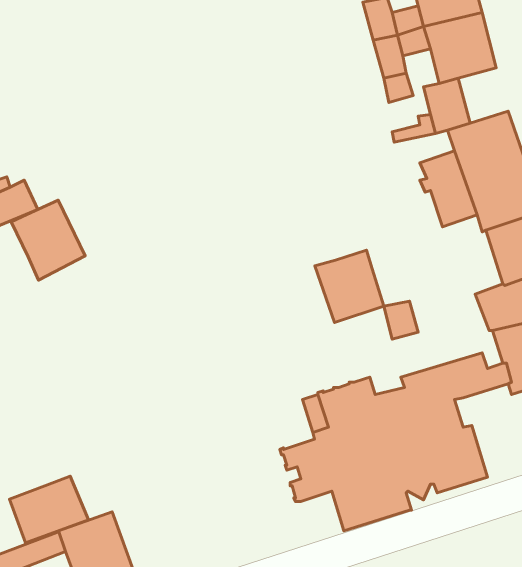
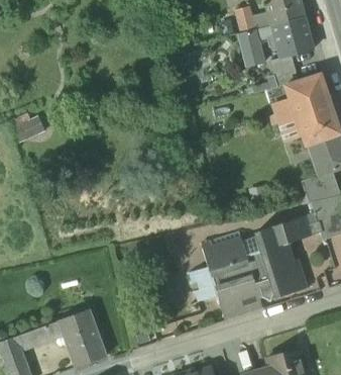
building: [11,200,85,280] -> none
building: [315,250,384,323] -> none
building: [10,476,89,543] -> none

